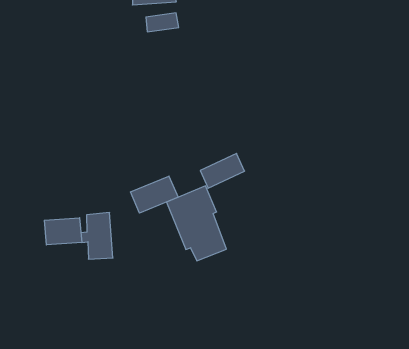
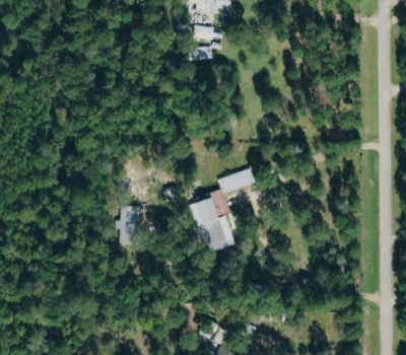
building: [130,176,178,213] -> none
building: [44,218,82,245] -> none

